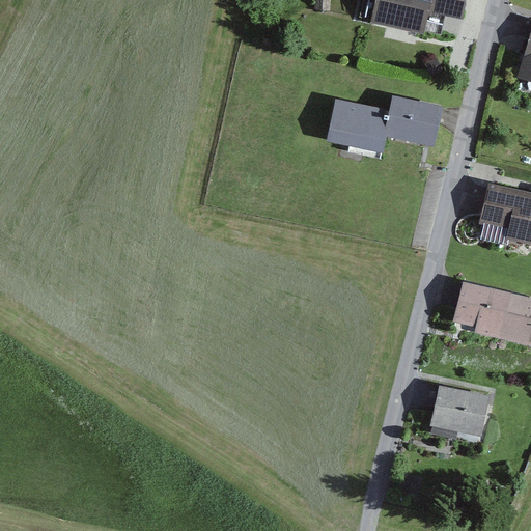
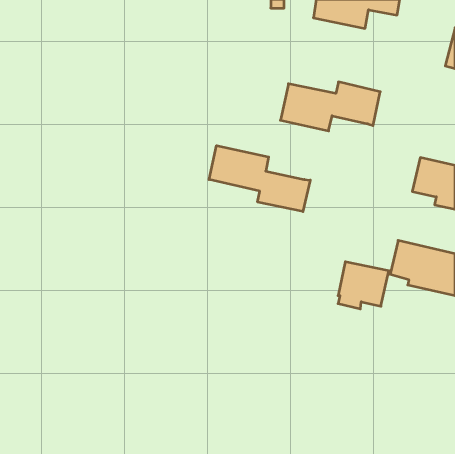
building: none -> [209,146,310,212]
building: [431,385,491,440] -> [338,262,389,309]

